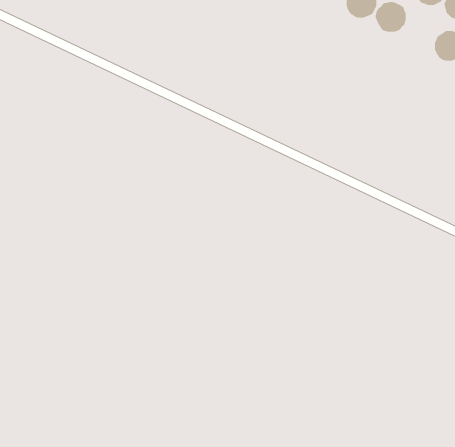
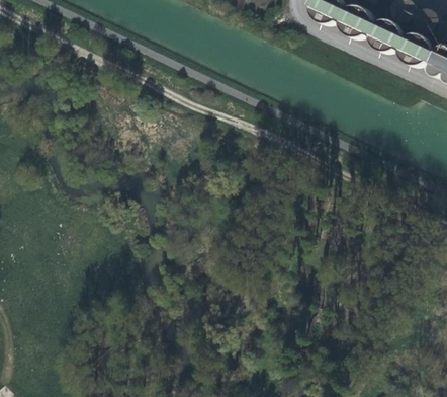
building: none -> [373,21,400,49]

